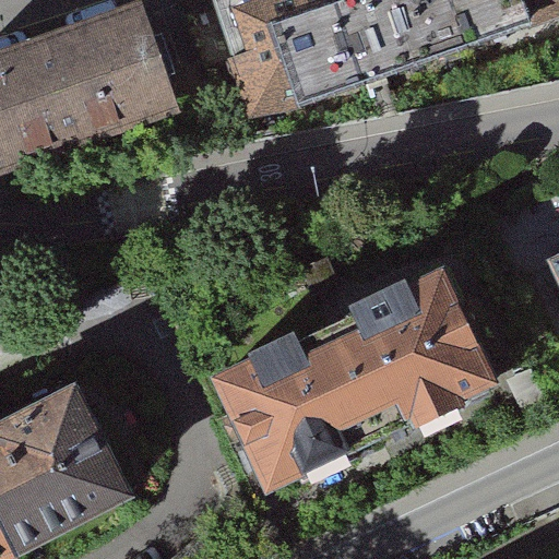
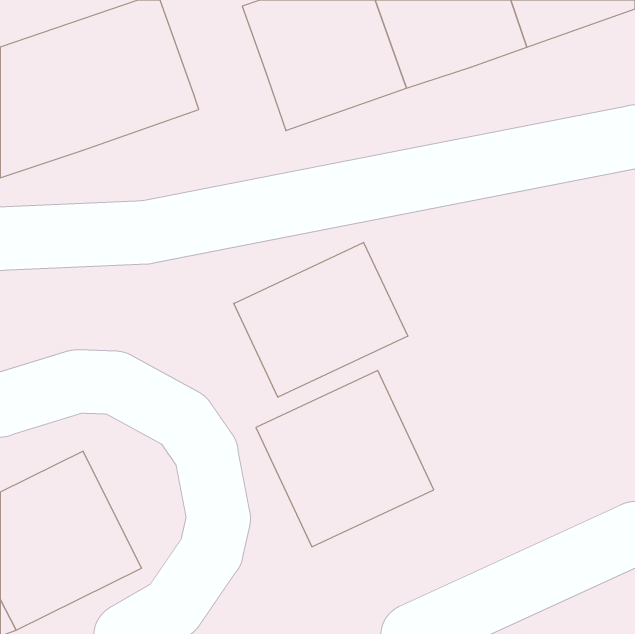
building: none -> [234,242,408,397]
building: [332,277,487,431] -> none

